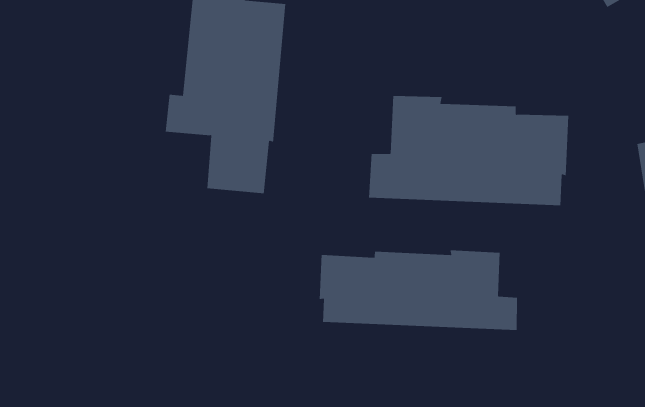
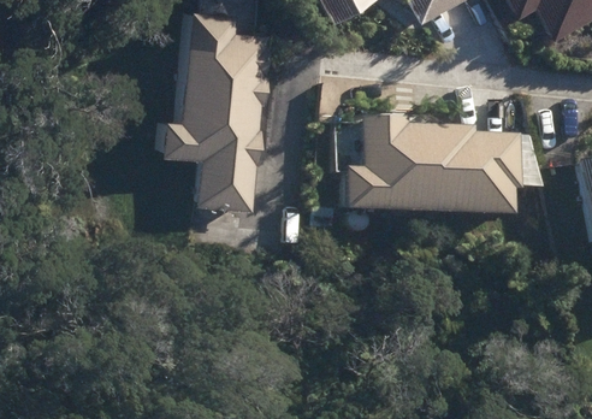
building: [319,249,518,331] -> none

